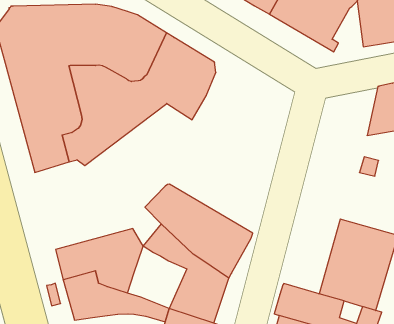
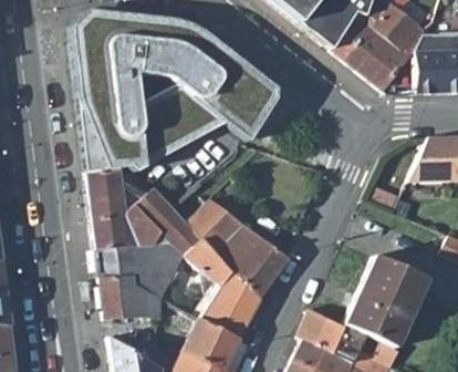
building: none -> [87,165,210,256]

